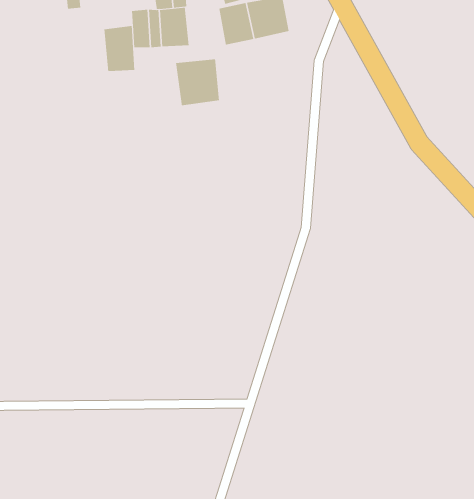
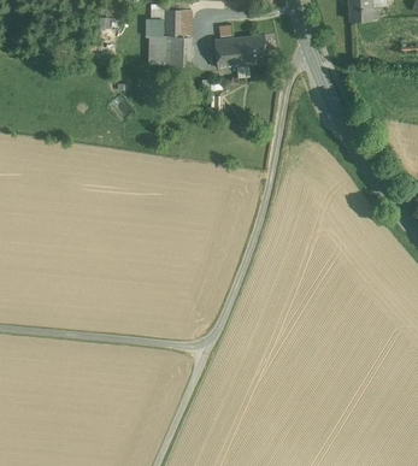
building: [104,25,135,72] -> none
building: [175,58,219,106] -> none

